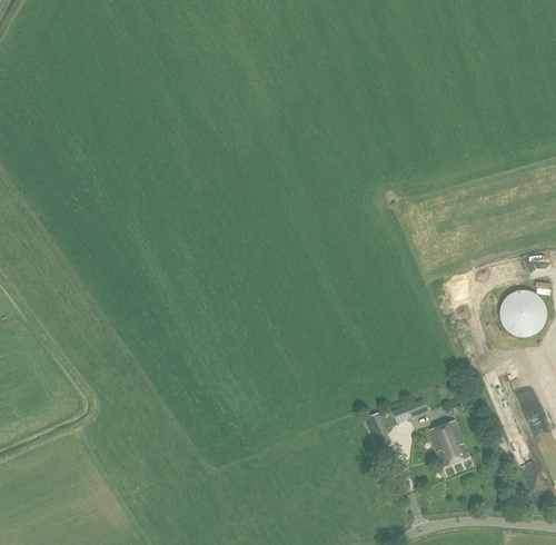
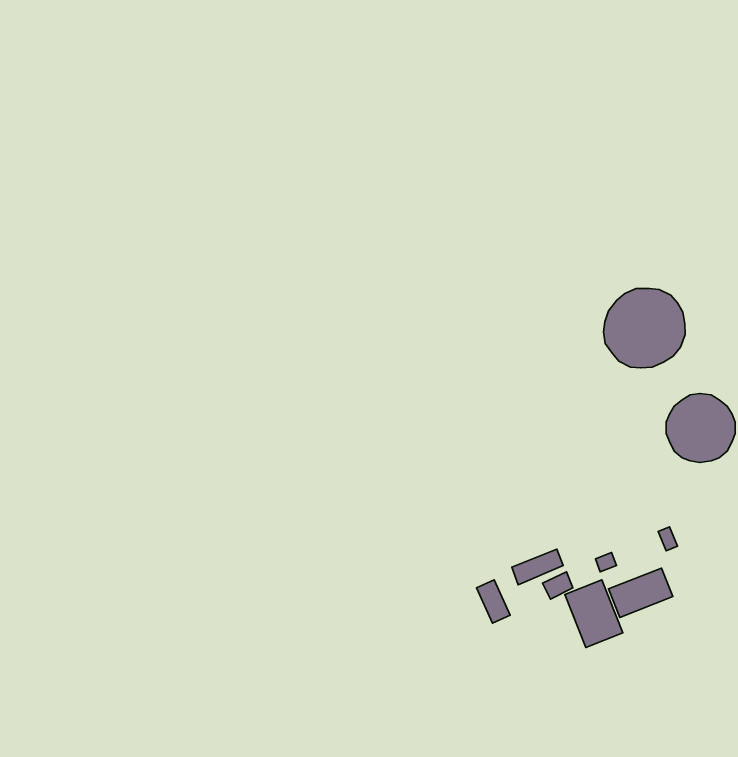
building: none -> [603,288,685,368]
building: none -> [609,568,673,617]

